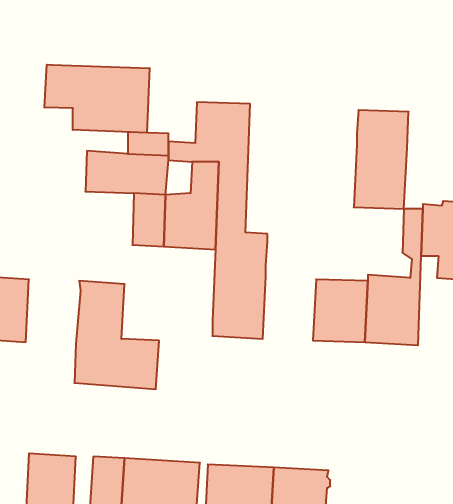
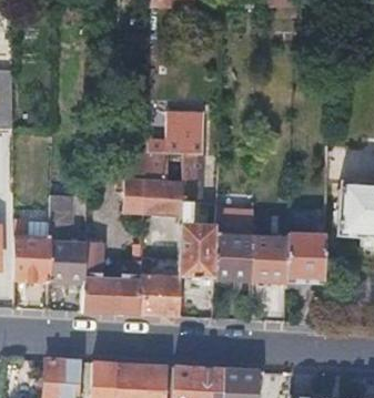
building: [45,65,149,133] -> none
building: [354,110,409,209] -> [215,210,254,279]
building: none -> [48,193,87,282]
building: none -> [140,265,180,316]

